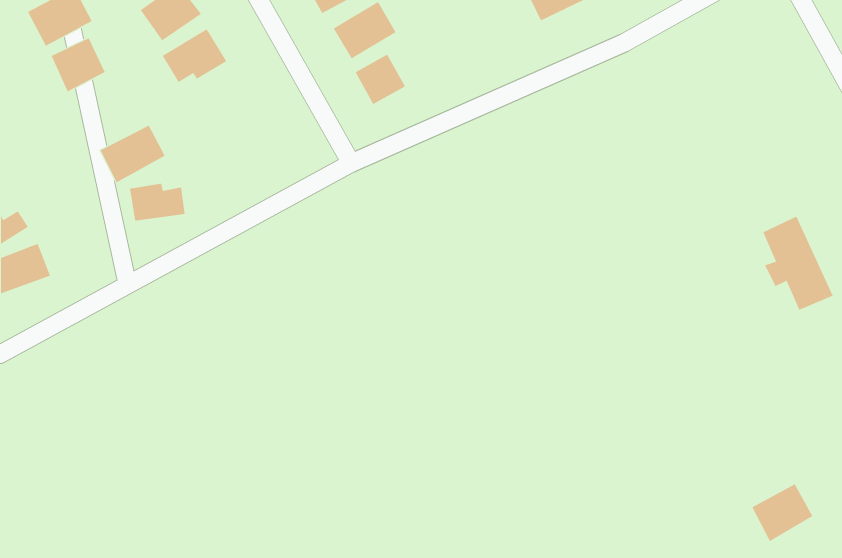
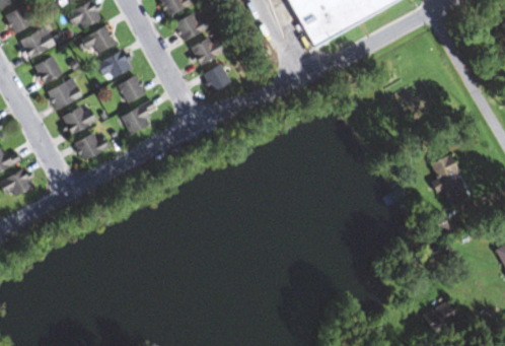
building: none -> [117,75,145,102]
building: none -> [47,78,82,110]
building: none -> [122,101,156,134]

